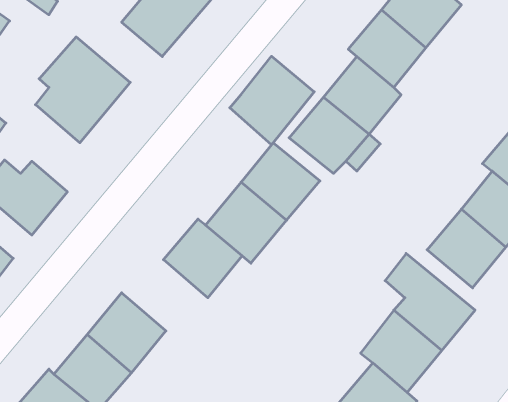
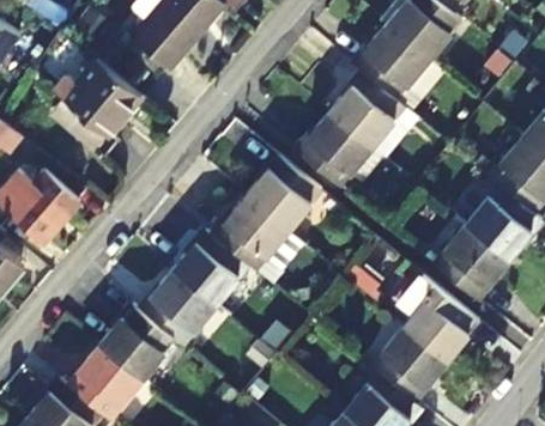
building: [230,56,314,145] -> none
building: none -> [143,268,218,343]

